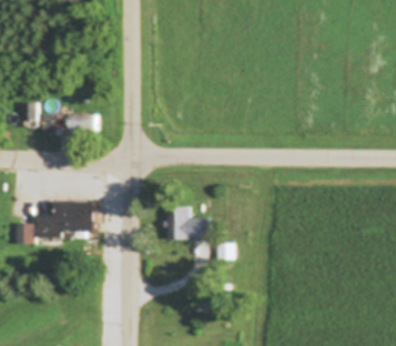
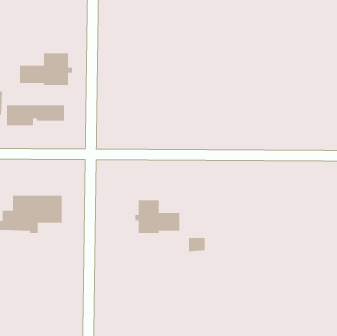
building: none -> [19,52,73,86]

